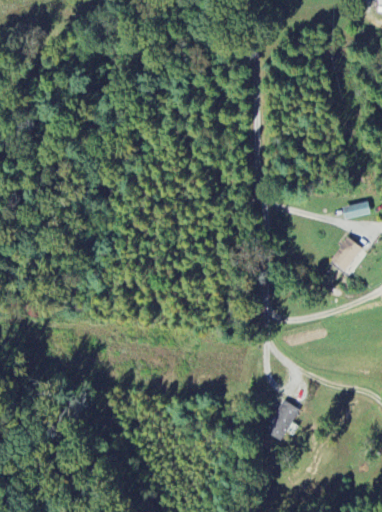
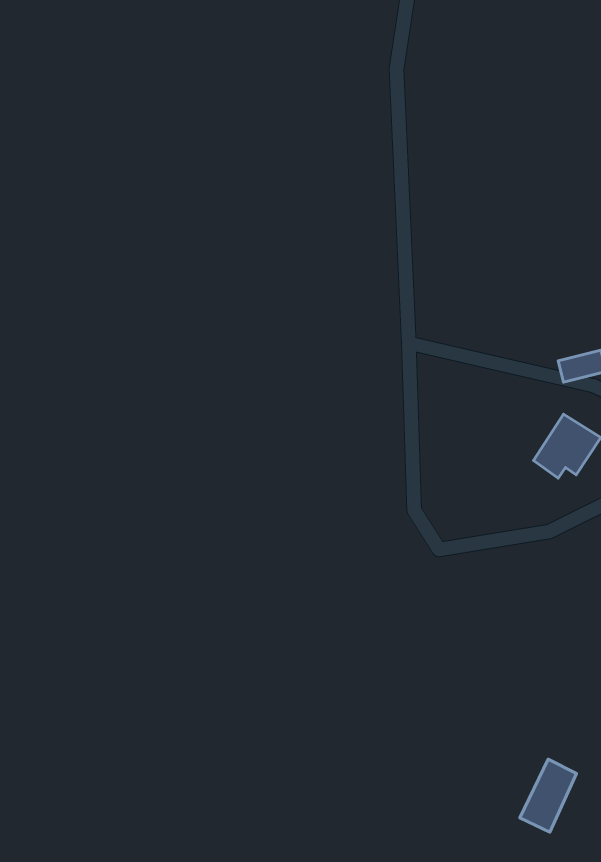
building: [267,400,299,441] -> [520,759,577,832]

